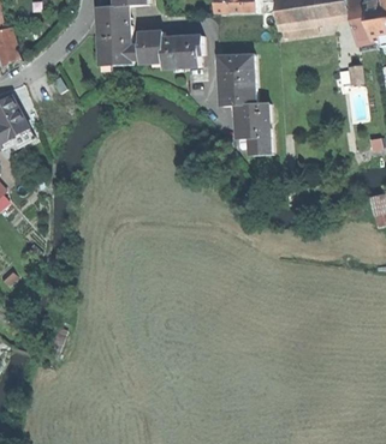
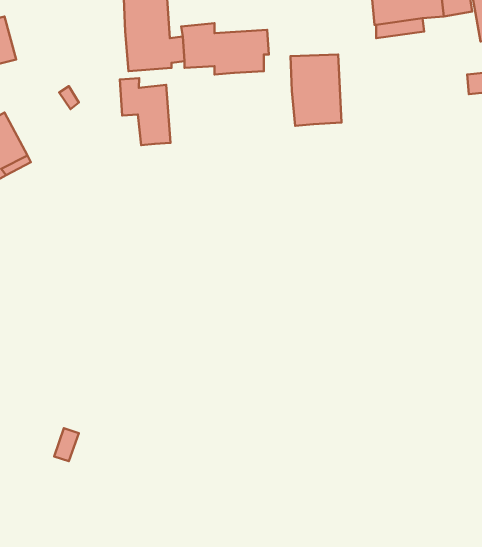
building: none -> [120,78,171,145]
building: [234,103,271,155] -> none

